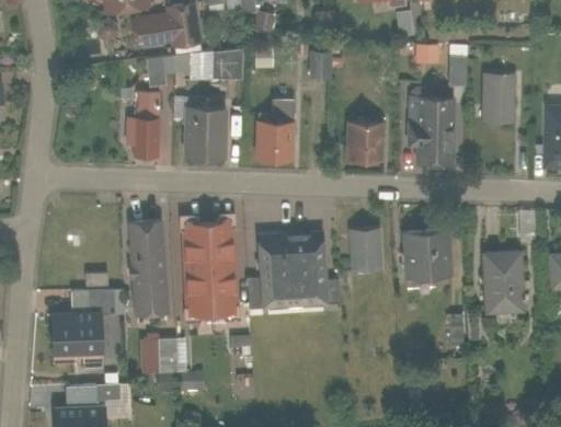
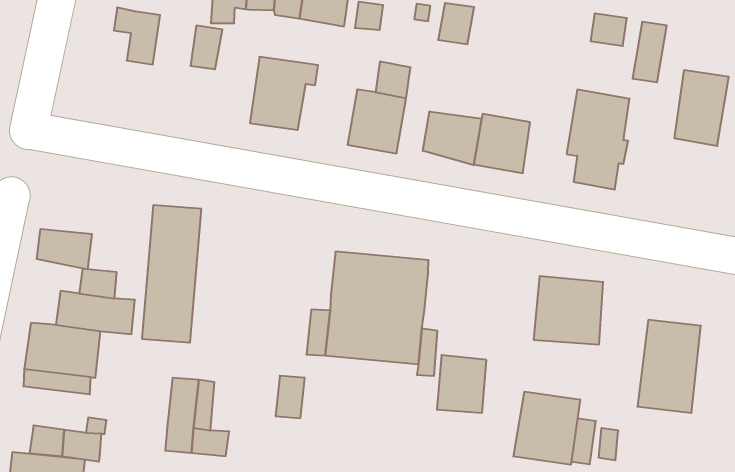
building: [127,119,158,155] -> [114,7,160,64]
building: none -> [423,111,482,165]
building: [184,221,237,315] -> none
building: [350,229,383,268] -> [437,355,486,413]
building: none -> [37,229,92,269]
building: none -> [513,392,580,465]
building: [141,333,160,373] -> none

